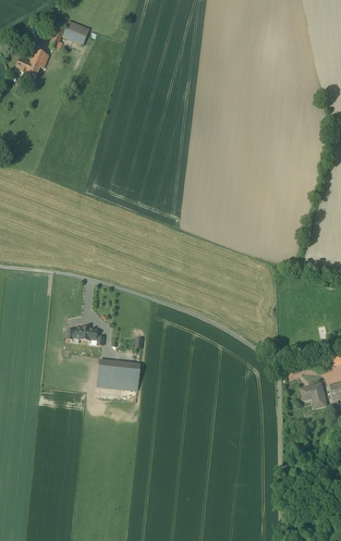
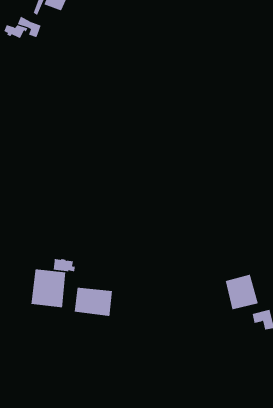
building: none -> [31,269,66,308]
building: none -> [225,274,258,310]

